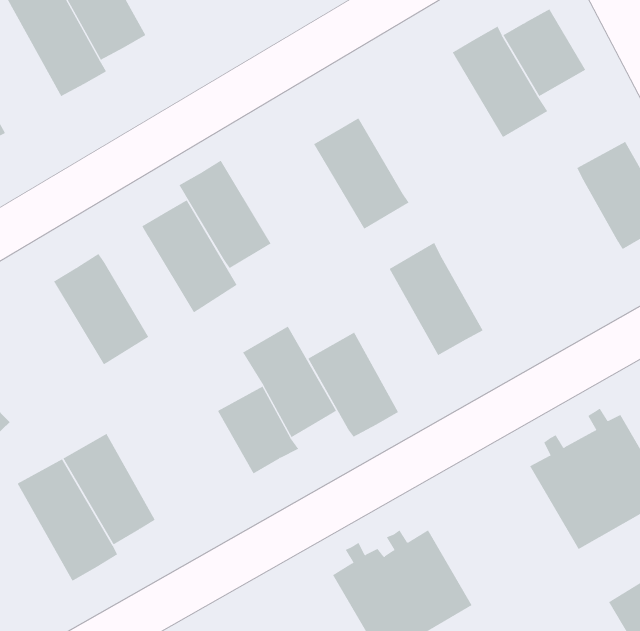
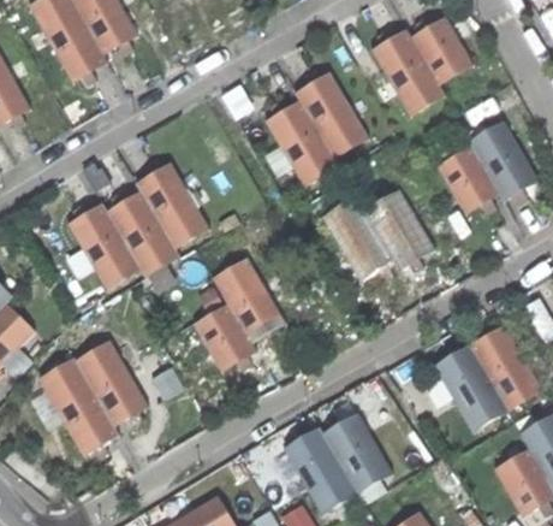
building: none -> [297,72,370,158]
building: [179,160,272,269] -> [108,191,179,274]
building: none -> [440,148,499,214]
building: [307,332,399,438] -> [365,187,435,267]

